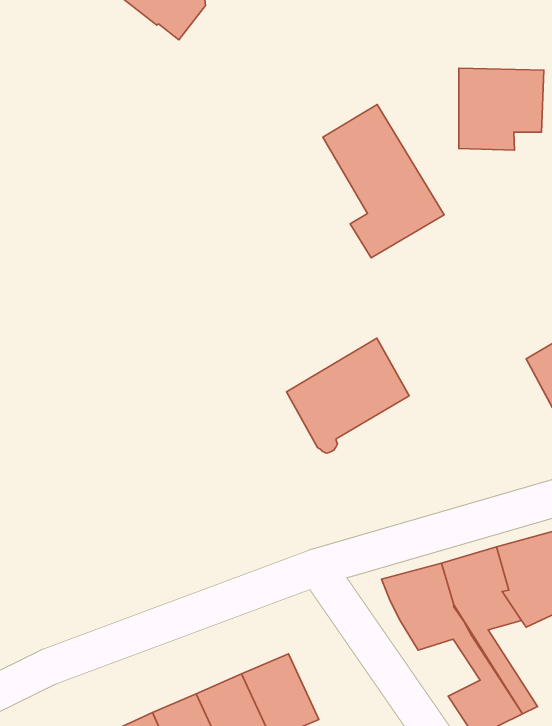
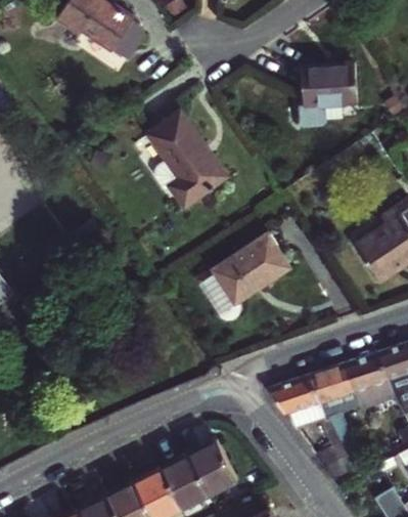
building: [323,104,444,258] -> [145,112,224,208]

